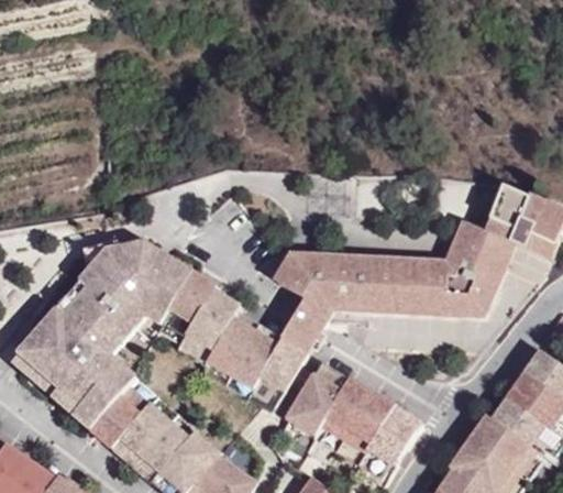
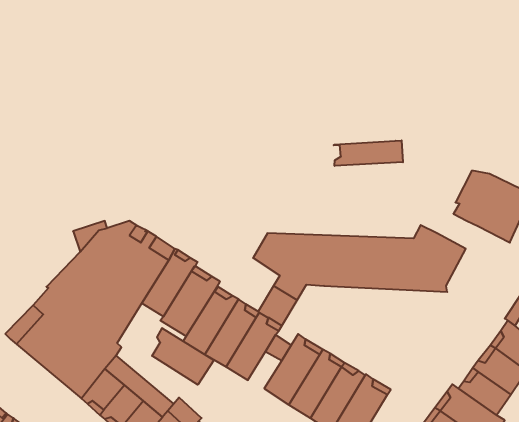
building: none -> [334,140,403,166]
building: [452,218,514,269] -> none
building: none -> [152,328,214,385]

